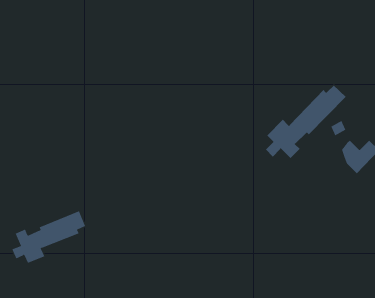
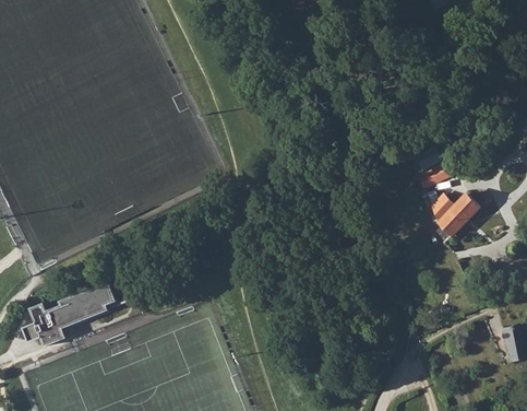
building: [265,85,347,159] -> none

